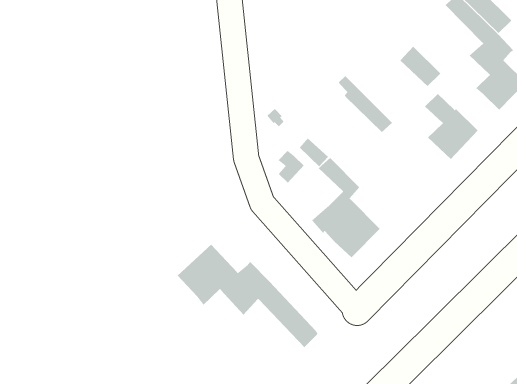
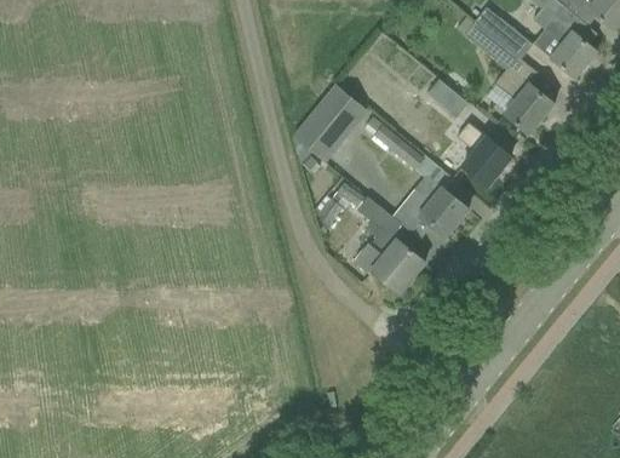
building: none -> [295,85,367,161]
building: none -> [403,176,469,237]
building: [177,244,318,348] -> none

